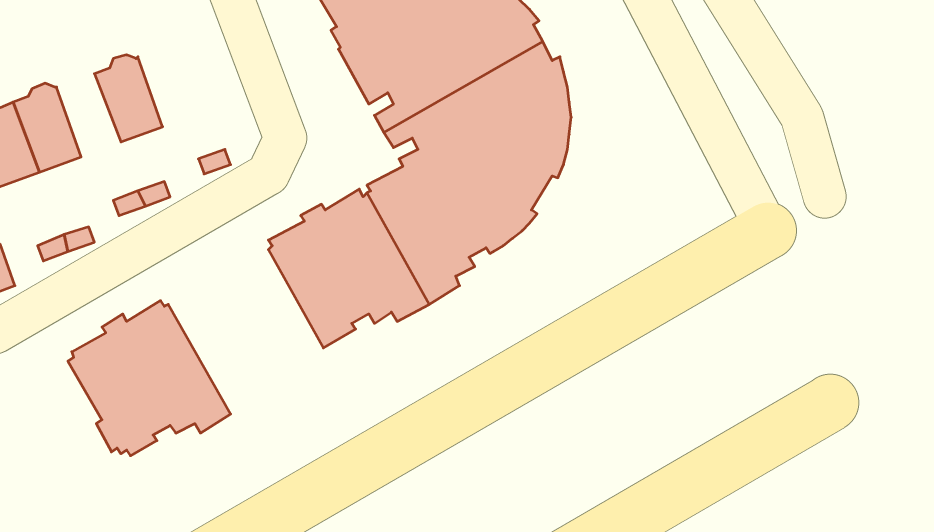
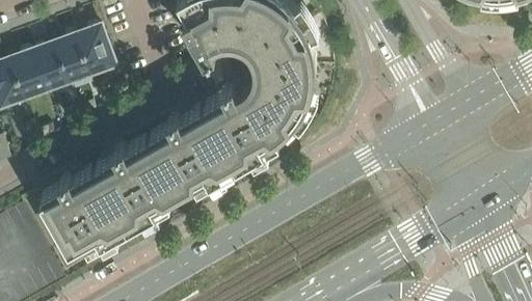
building: none -> [77,29,113,77]
building: none -> [32,48,68,93]
building: none -> [94,142,179,235]

